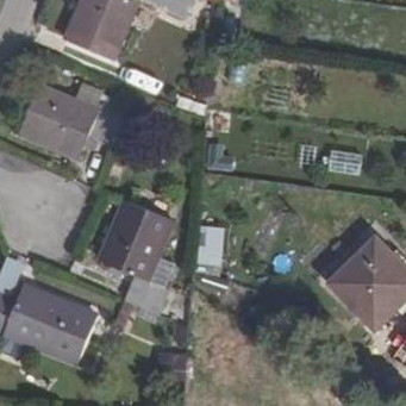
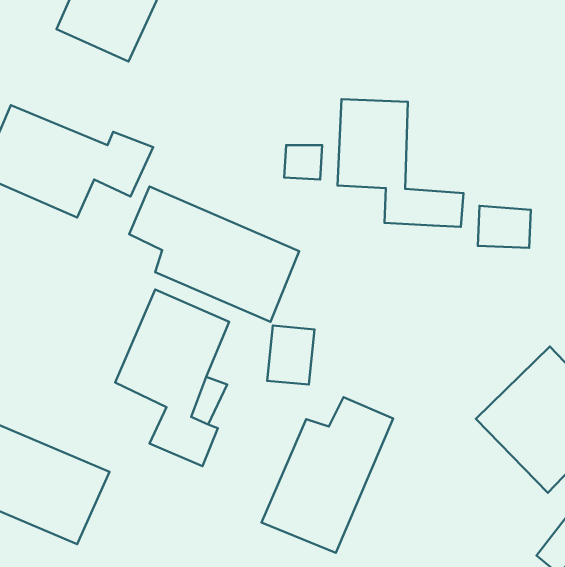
building: none -> [337,99,464,227]
building: none -> [129,186,299,322]
building: none -> [262,397,393,553]

